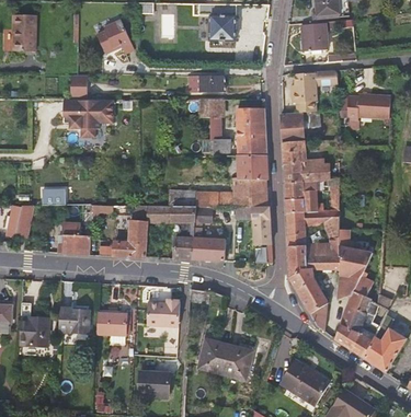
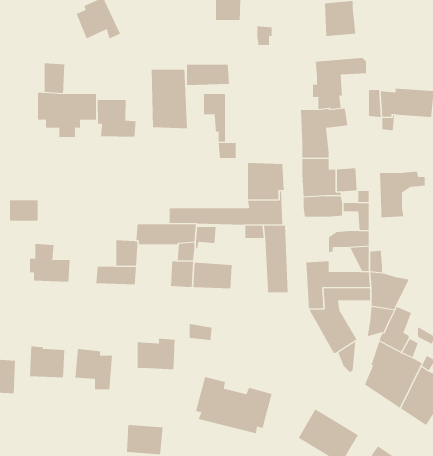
building: none -> [97,99,136,137]
building: [237,107,267,157] -> [151,69,188,129]
building: [285,199,323,238] -> [379,171,426,218]

